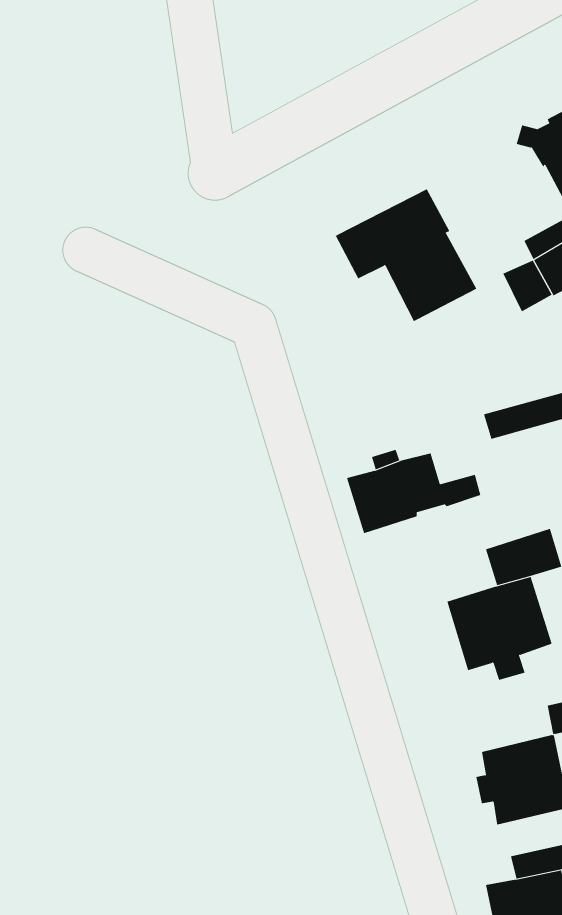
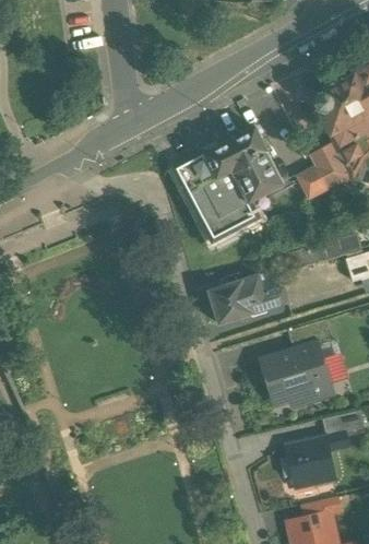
building: none -> [172,152,257,243]

